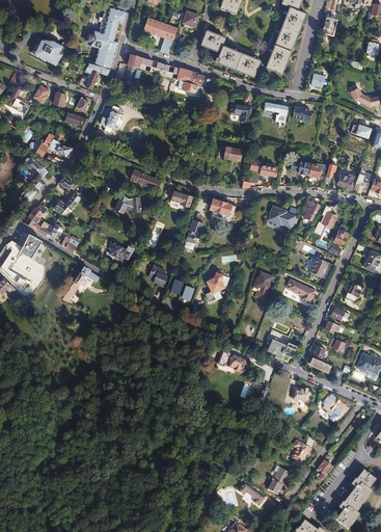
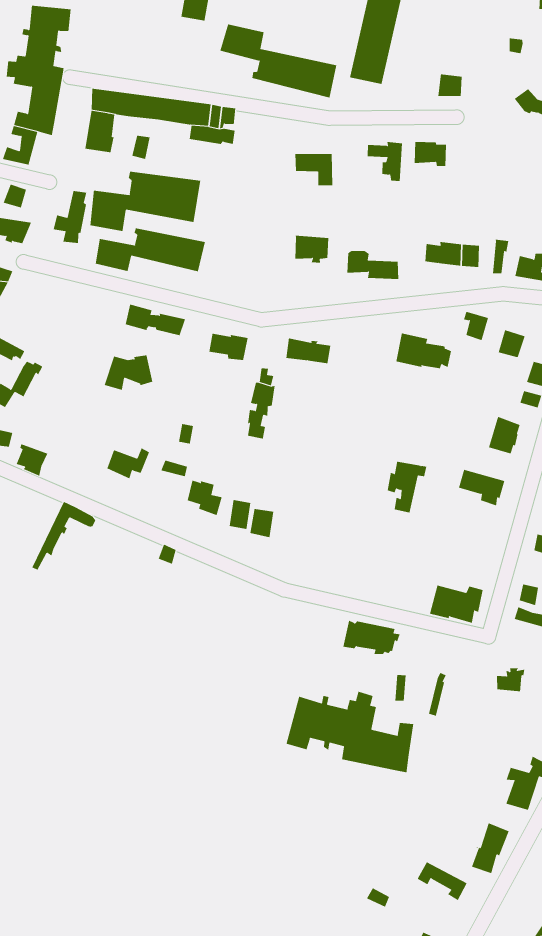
building: [143,18,178,53] -> none
building: none -> [90,171,201,232]
building: none -> [95,228,206,272]
building: [206,271,229,301] -> none
building: none -> [286,691,414,773]

